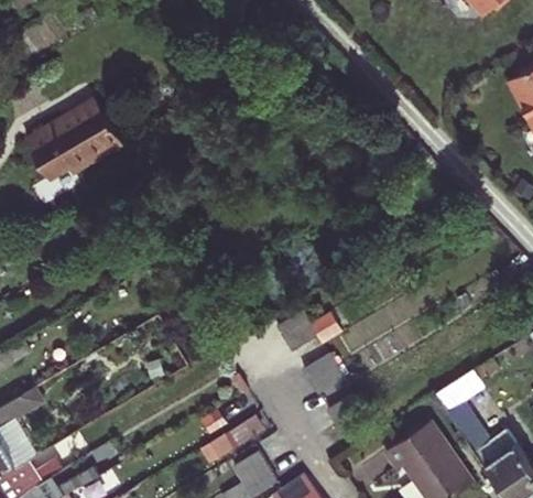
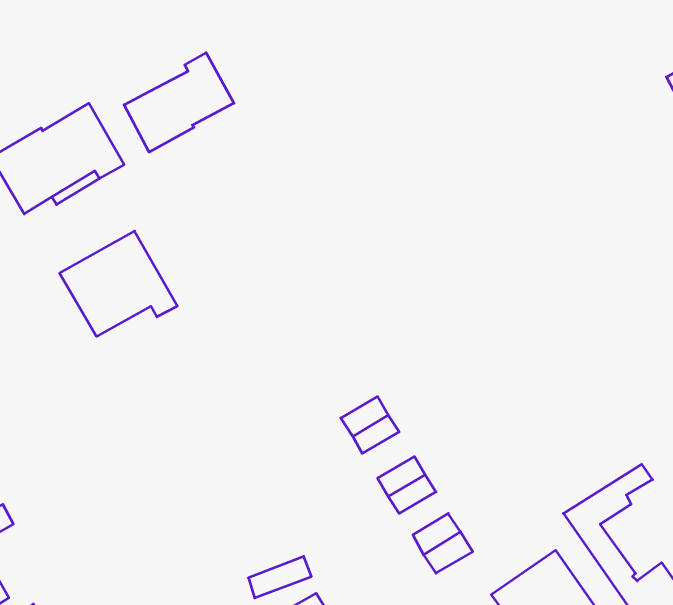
building: none -> [124,53,234,152]
building: none -> [60,231,177,336]

